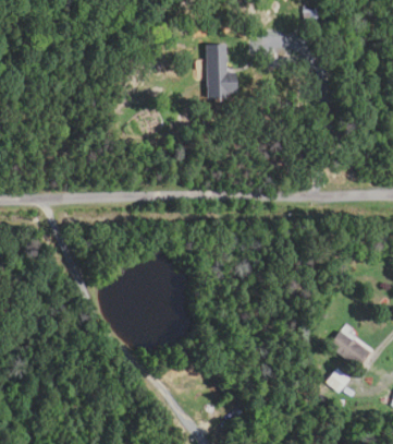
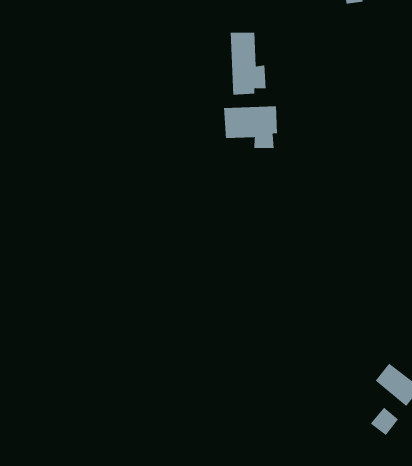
building: none -> [223,106,277,149]

